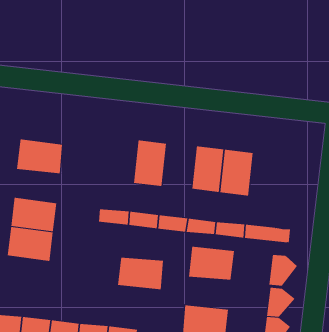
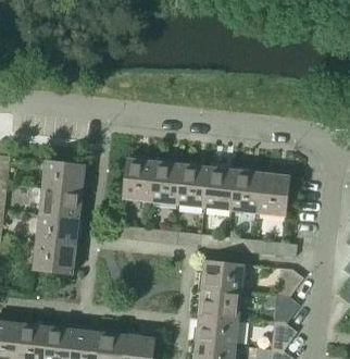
building: none -> [123,157,154,200]
building: none -> [177,163,209,206]
building: none -> [258,172,289,215]
building: none -> [39,187,83,219]
building: [117,257,164,290] -> [198,287,241,318]

